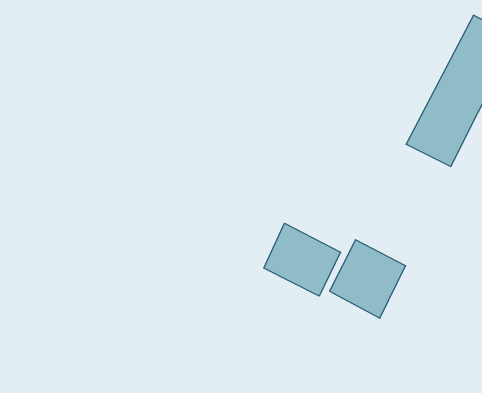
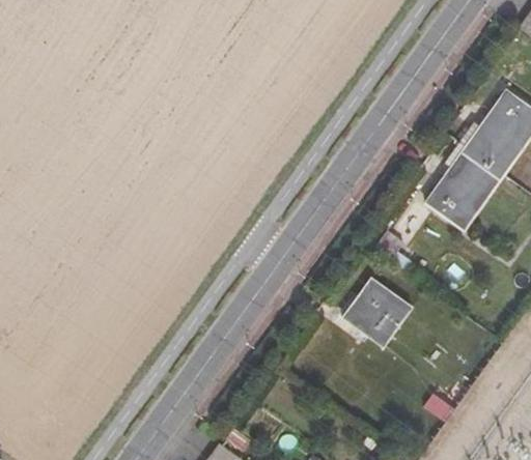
building: [264,223,340,296] -> none

